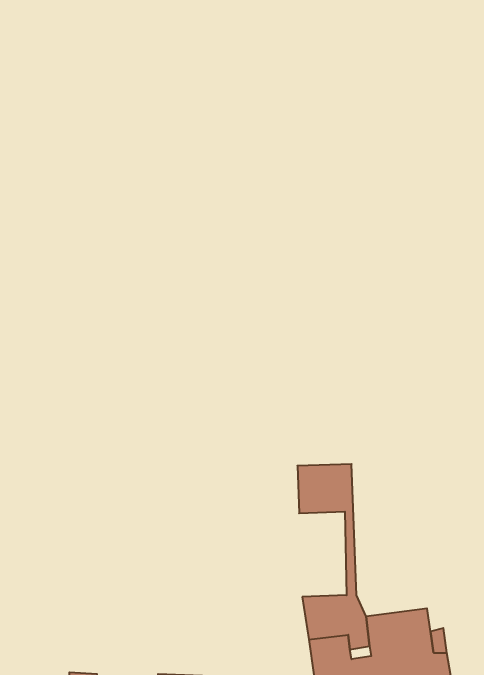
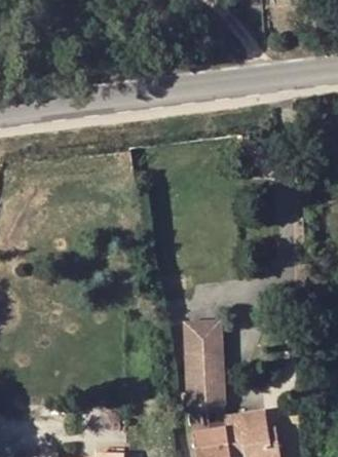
building: none -> [188,352,218,406]

